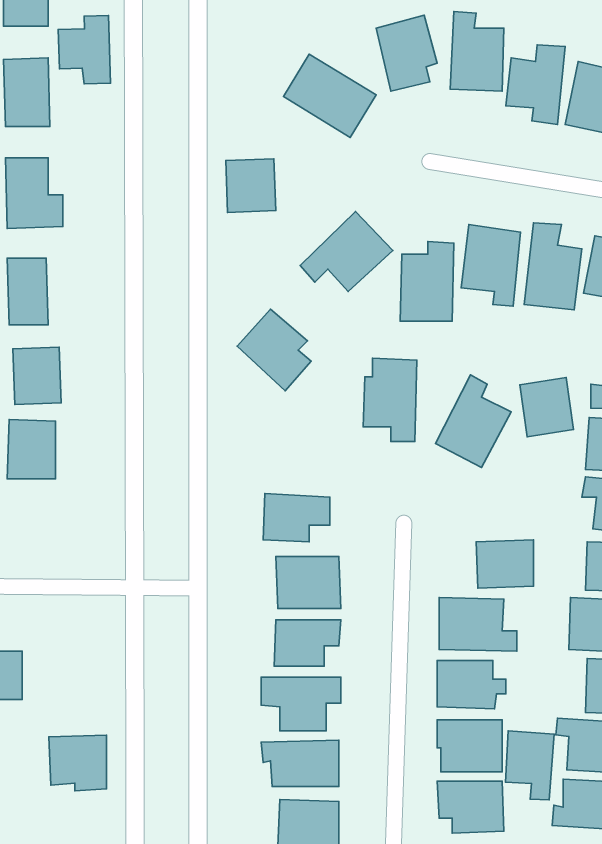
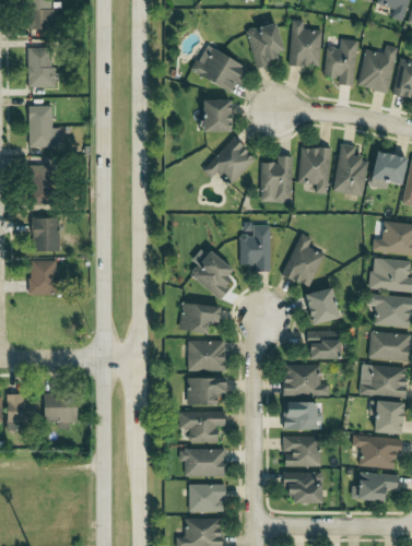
building: [58,15,110,84] -> none
building: [226,159,276,212] -> [201,99,231,131]
building: [237,309,311,391] -> [190,251,234,299]
building: [520,377,573,437] -> [305,288,337,323]
building: [506,731,554,800] -> none
building: [49,735,106,791] -> [43,394,76,427]

